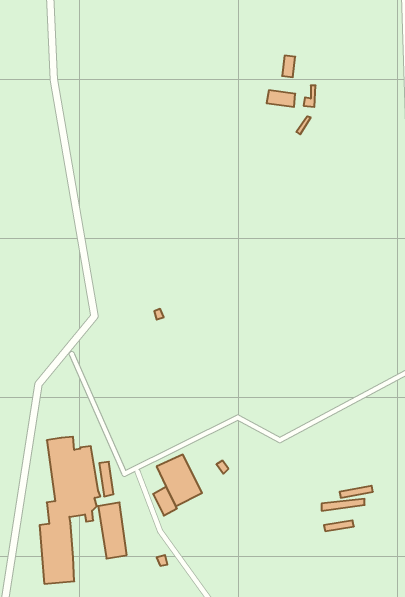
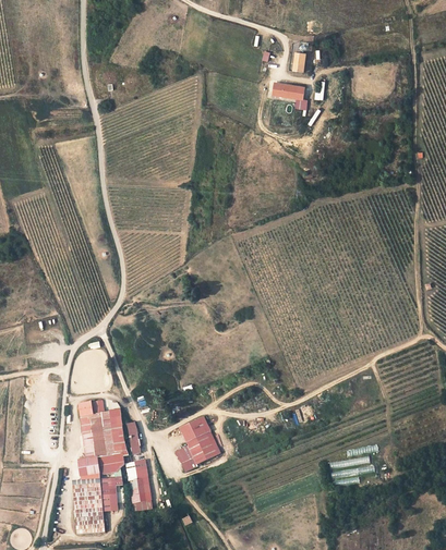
building: none -> [100,476,121,510]

